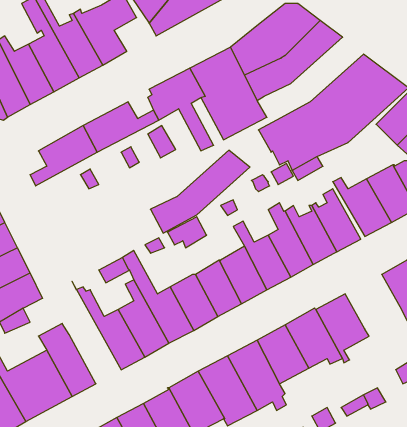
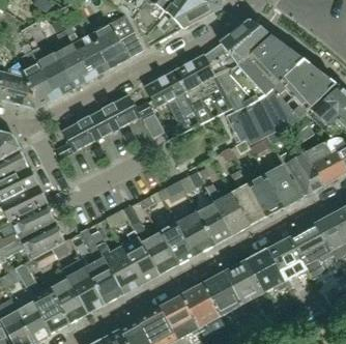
building: [150,150,250,233] -> [230,47,304,108]
building: none -> [290,222,331,262]
building: none -> [81,227,124,303]

